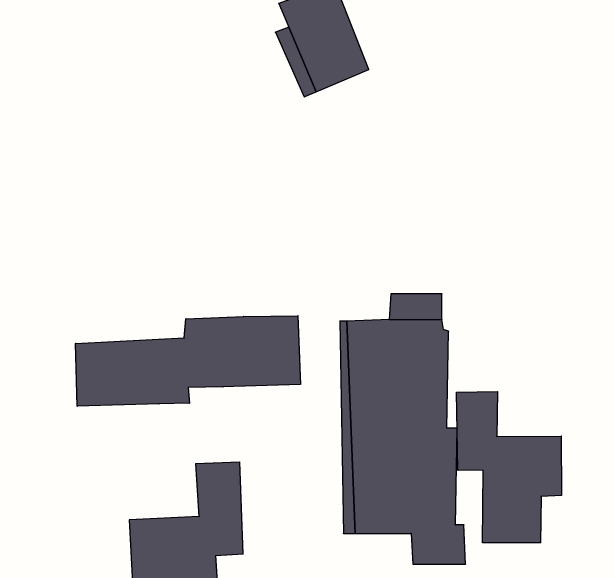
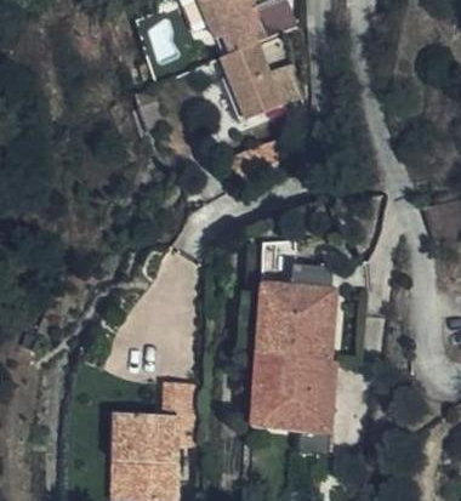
building: [76,316,300,406] -> none
building: [457,392,561,543] -> none

